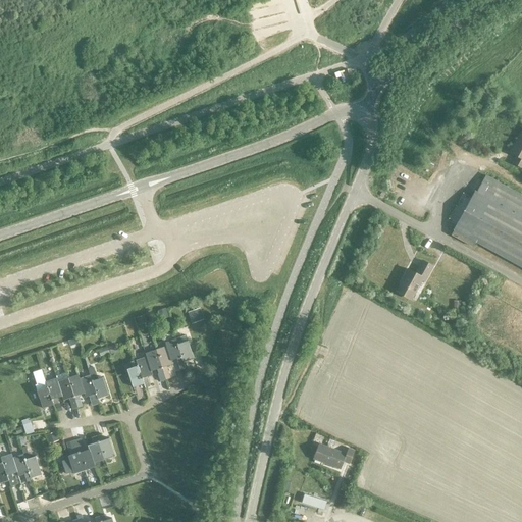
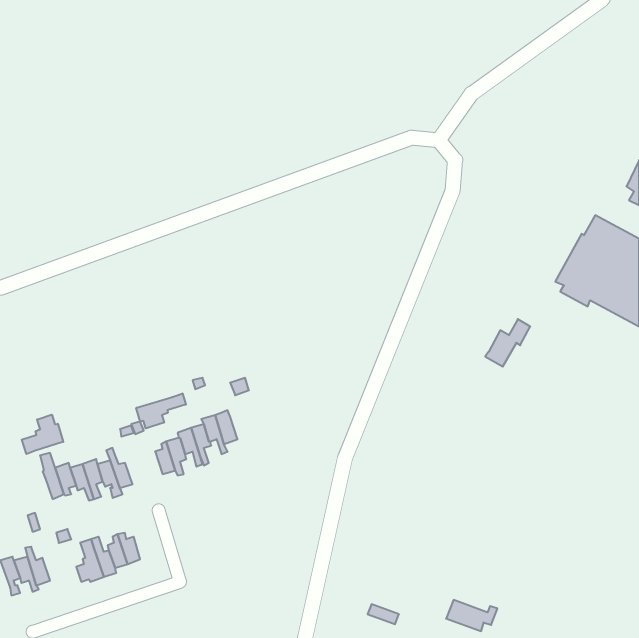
building: none -> [136,393,186,428]
building: none -> [22,415,63,454]
building: [312,442,354,468] -> [446,600,497,631]

